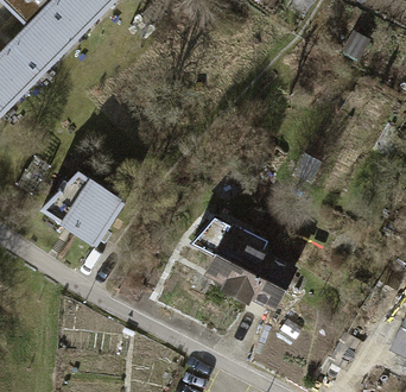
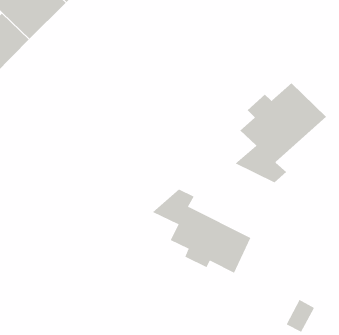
building: none -> [235,82,327,183]
building: [40,172,122,242] -> none

